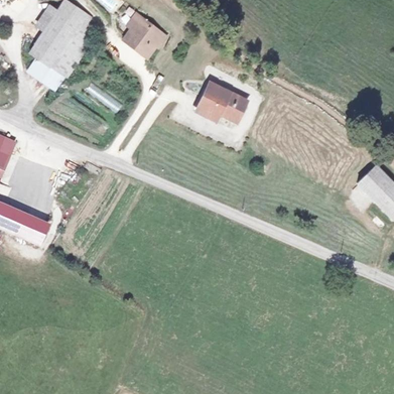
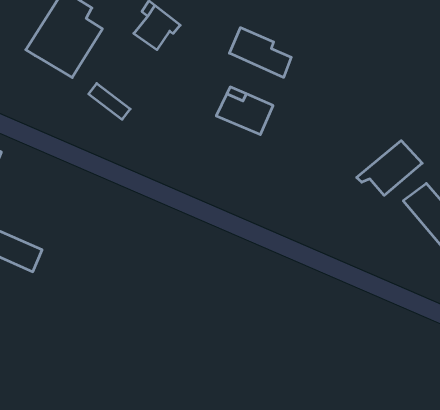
building: none -> [229,28,291,77]
building: [36,60,71,89] -> none
building: none -> [357,141,422,195]

